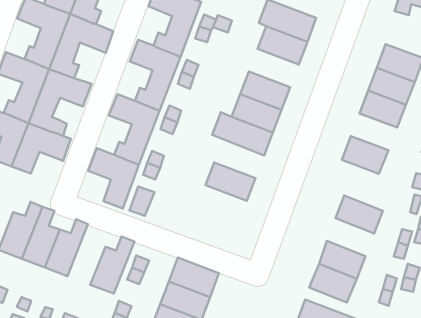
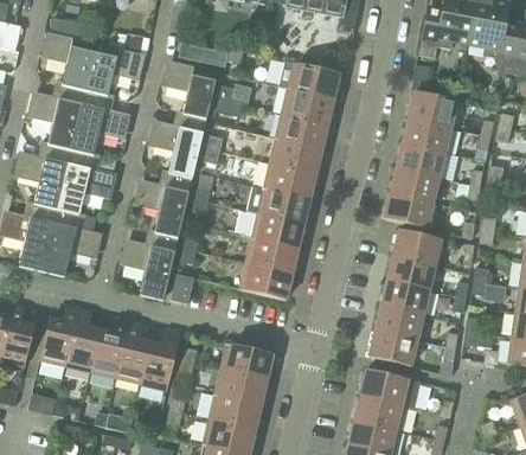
building: none -> [276,114,327,149]
building: none -> [391,167,438,201]
building: none -> [240,210,303,249]
building: none -> [392,229,441,265]
building: none -> [240,263,291,300]
building: none -> [380,280,429,315]
building: none -> [115,320,150,383]

